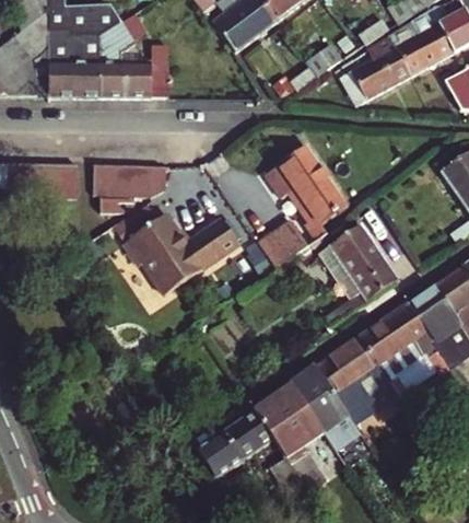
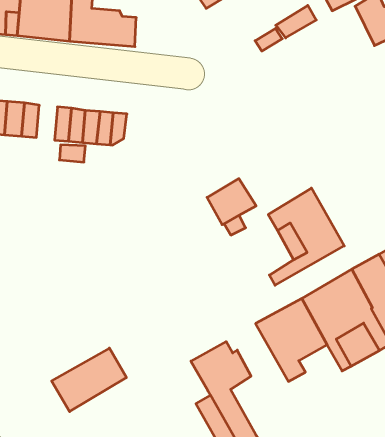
building: [342,34,412,104] -> none
building: [267,143,349,236] -> none
building: [119,217,236,302] -> none
building: [288,364,361,448] -> none
building: [198,408,273,476] -> [52,348,126,412]

